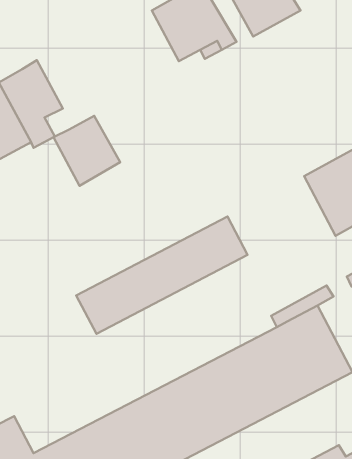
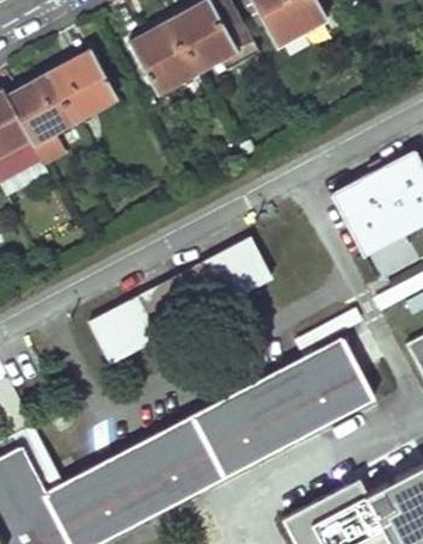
building: none -> [128,18,197,94]
building: [54,116,120,186] -> [47,48,117,122]

